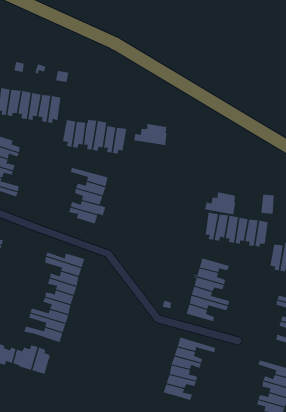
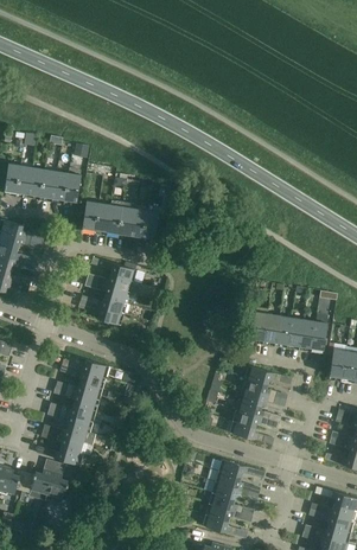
building: [134,123,167,146] -> none
building: [205,191,236,215] -> none

